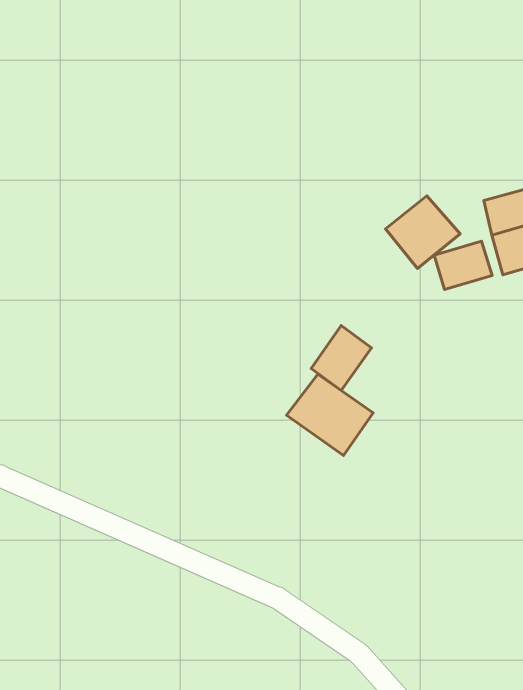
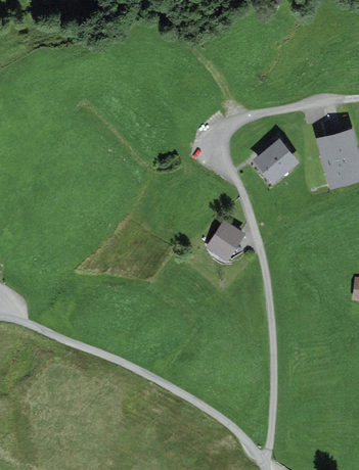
building: [434,241,492,289] -> none
building: [286,374,373,455] -> none

